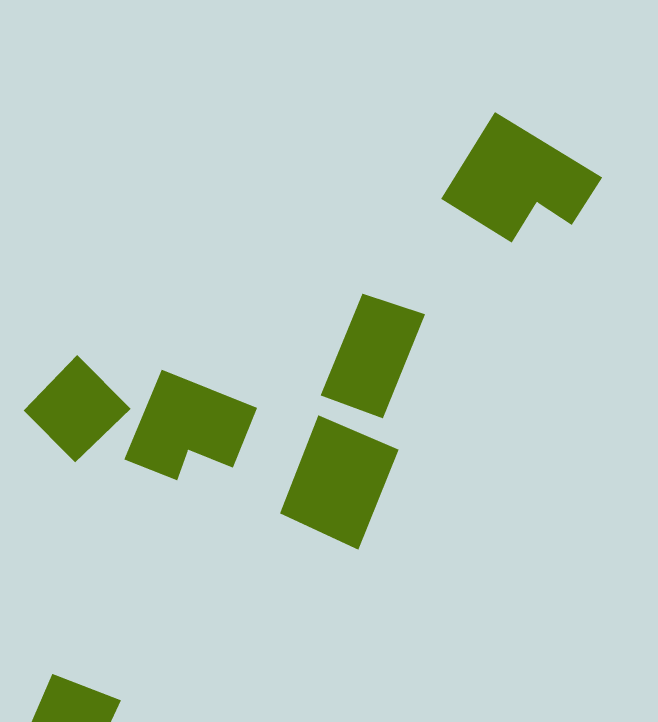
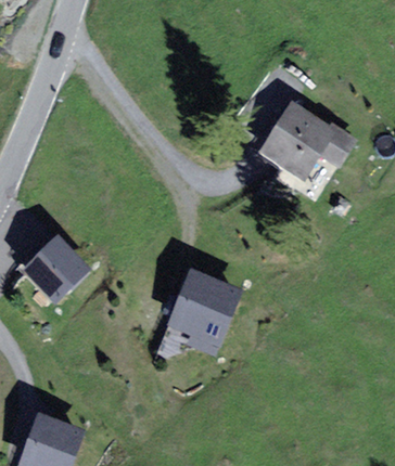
building: [320,293,426,419] -> none
building: [123,369,258,481] -> none

